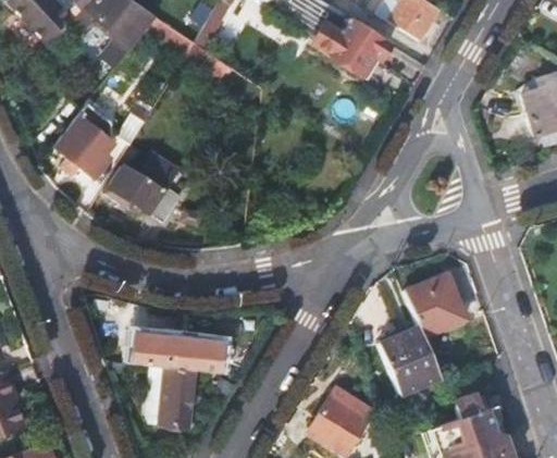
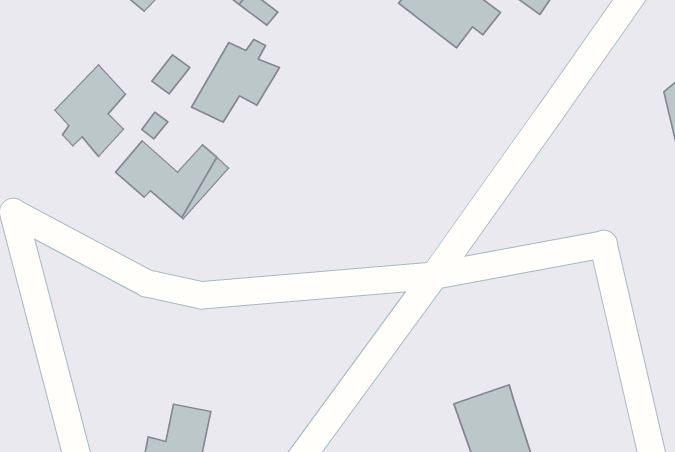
building: none -> [191,40,280,122]
building: [408,275,470,339] -> none
building: [131,333,222,373] -> none

